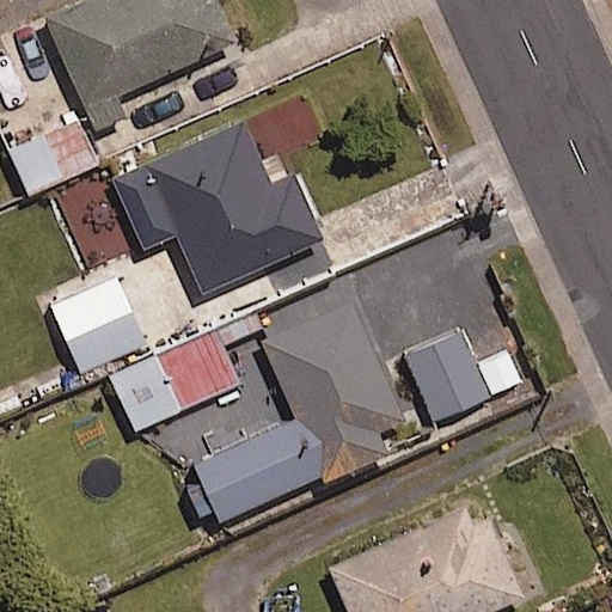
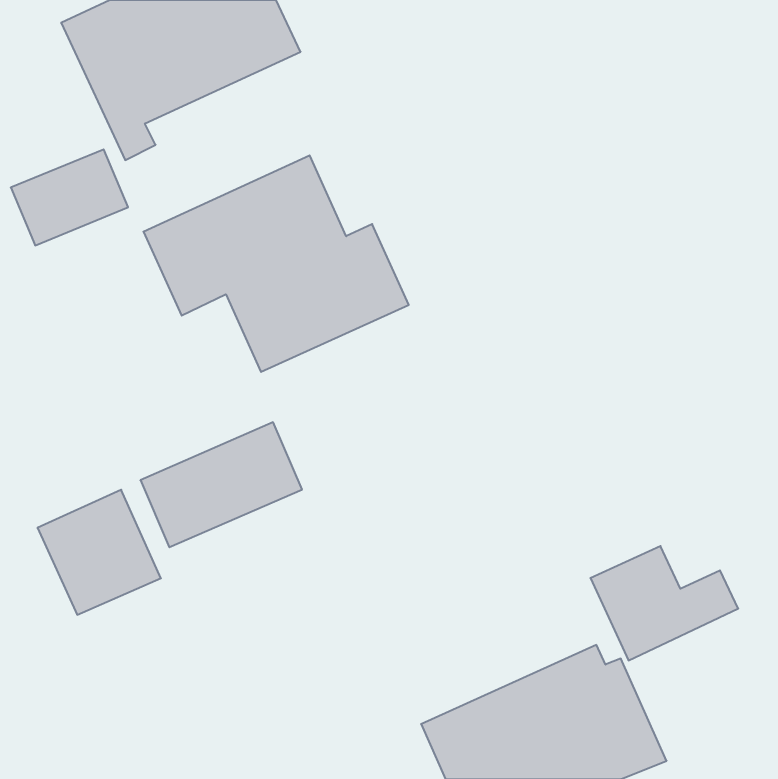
building: [48,274,145,372] -> [37,490,161,615]
building: [185,288,403,522] -> none
building: [404,330,520,420] -> [590,546,738,660]

